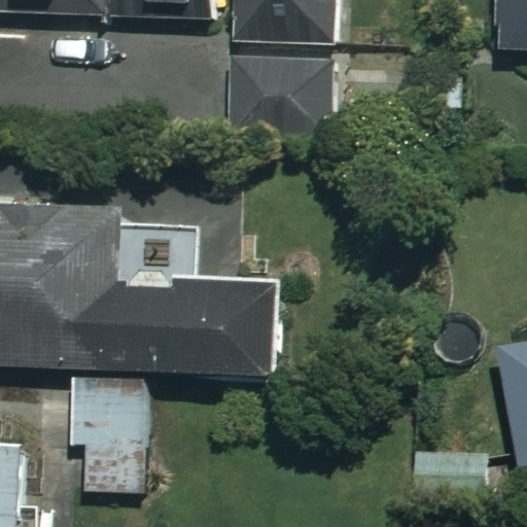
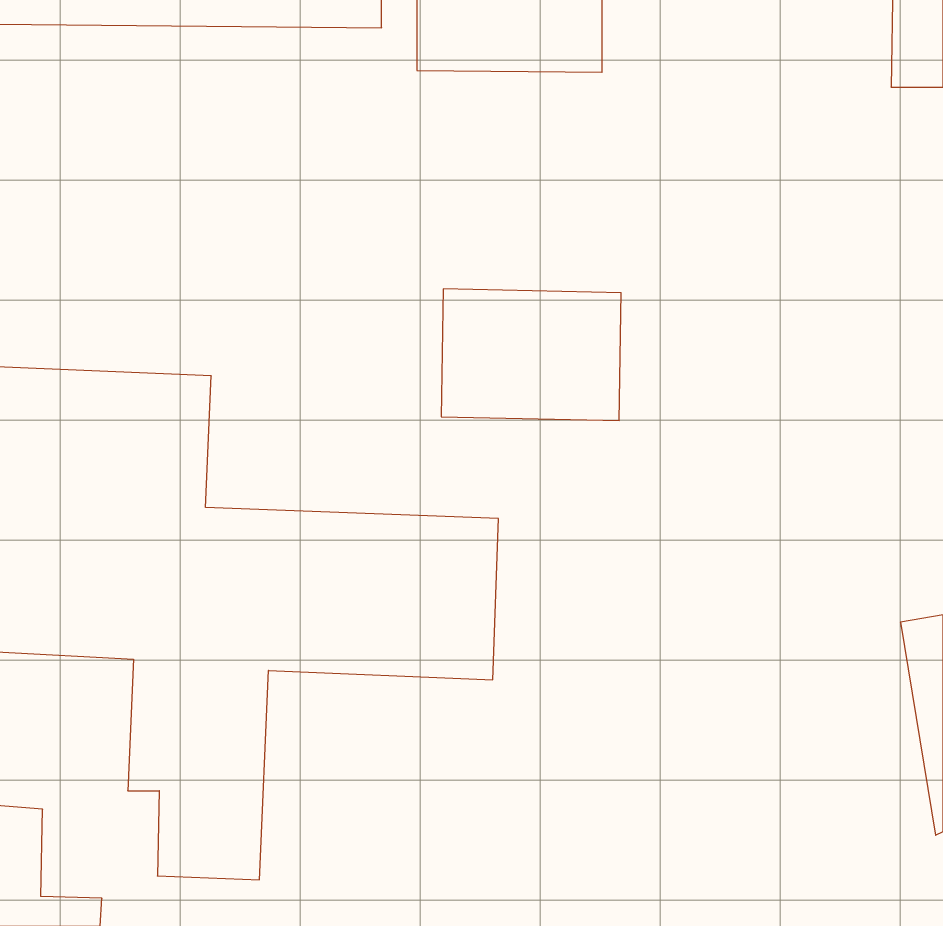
building: [233,48,332,121] -> [441,289,621,420]

